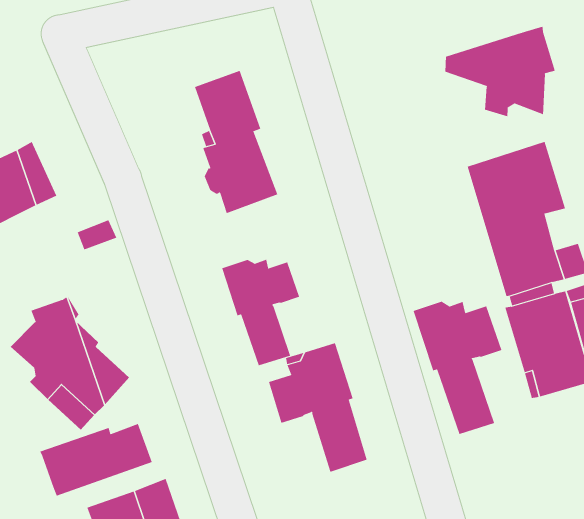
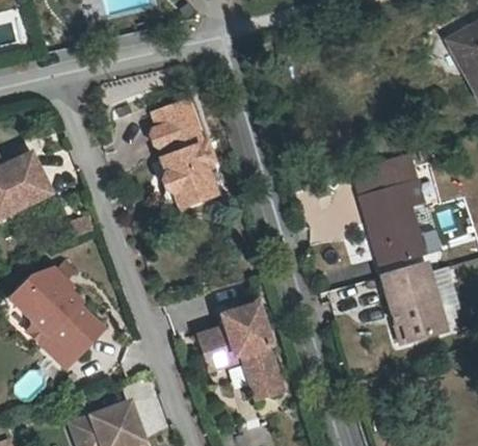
building: [445,26,556,117] -> none
building: [221,259,300,366] -> none
building: [413,301,502,435] -> none
building: [39,423,152,496] -> none

